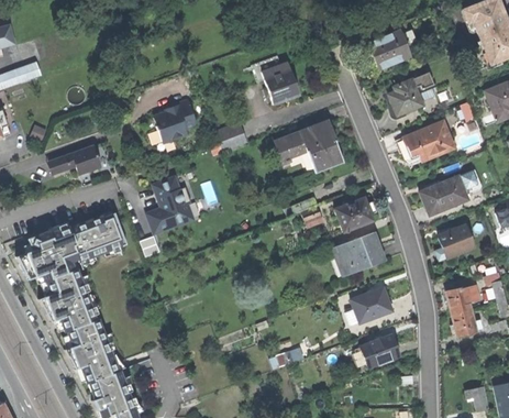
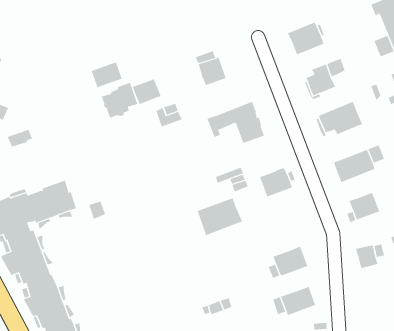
building: none -> [91,62,123,88]
building: none -> [132,78,161,105]
building: [71,145,101,174] -> none
building: [147,177,192,232] -> none
building: [333,232,386,276] -> [197,197,243,236]
building: [452,308,477,337] -> none

